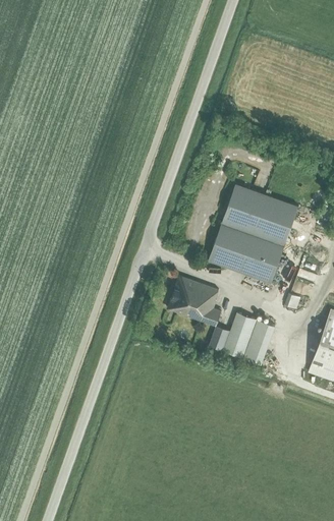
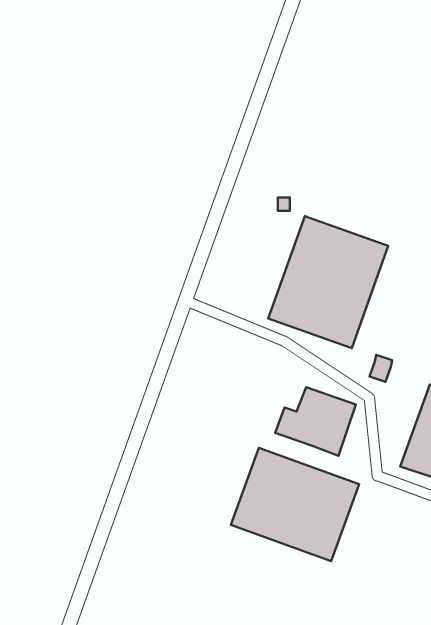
building: [167,276,222,326] -> none
building: none -> [231,448,359,561]

